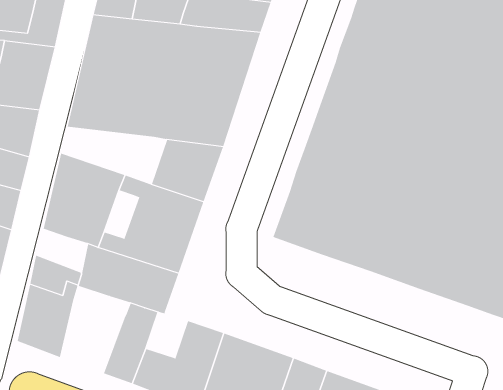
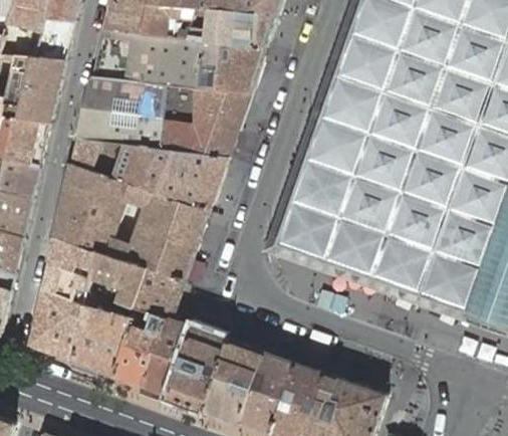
building: none -> [69,138,172,193]
building: none -> [45,236,95,278]
building: none -> [69,304,133,376]
building: none -> [152,316,192,361]

